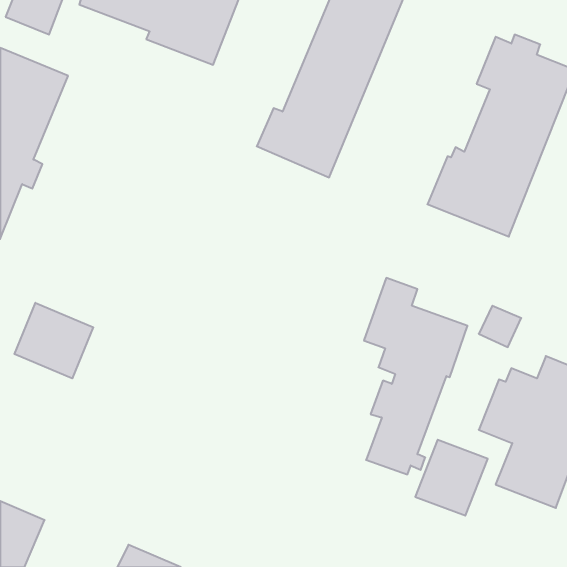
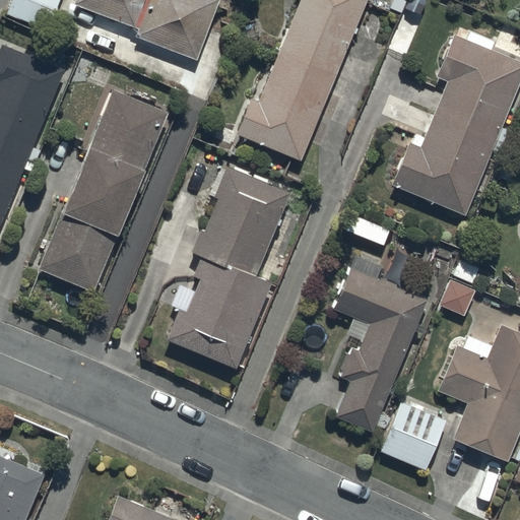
building: none -> [38,89,168,292]
building: none -> [166,166,291,369]
building: [14,303,93,378] -> none

